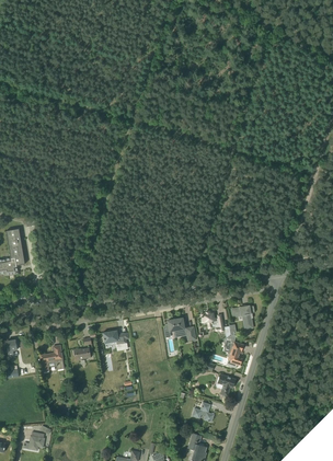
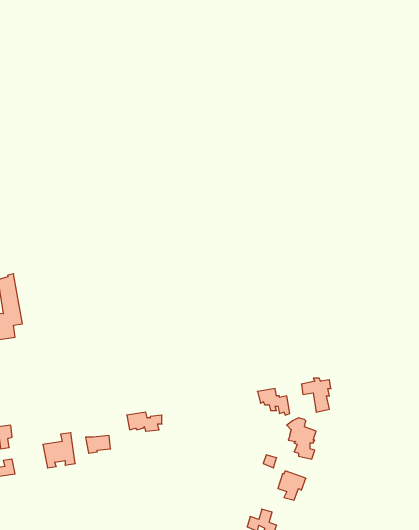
building: [163,318,196,341] -> none

